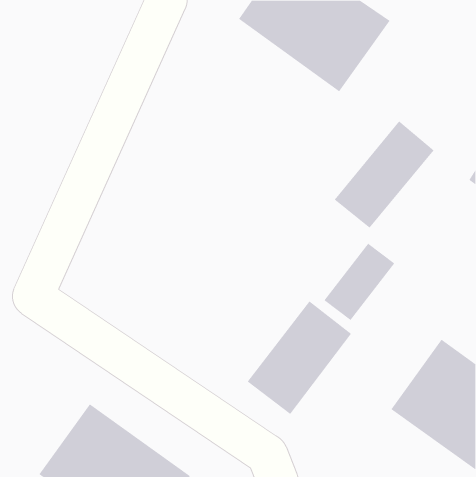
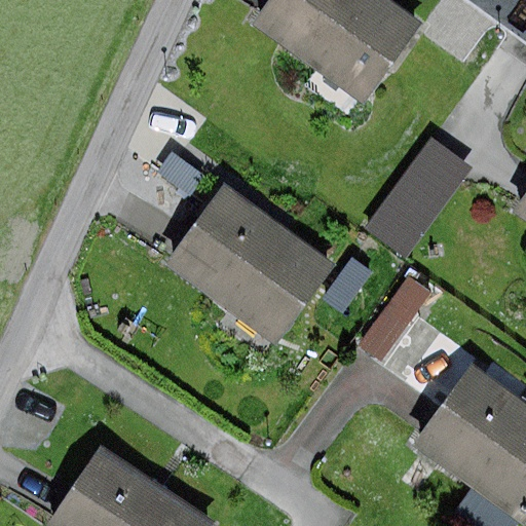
building: none -> [165,184,333,340]
building: [247,301,352,415] -> none

